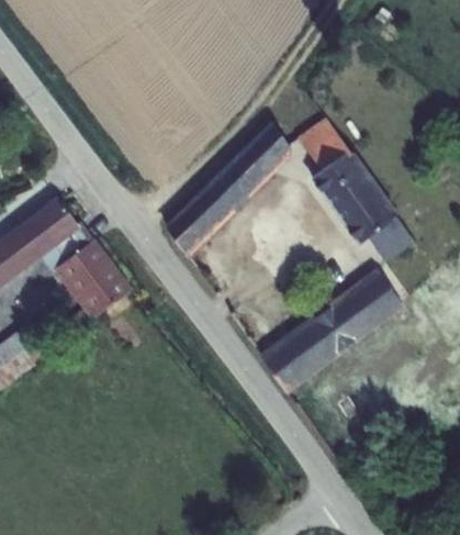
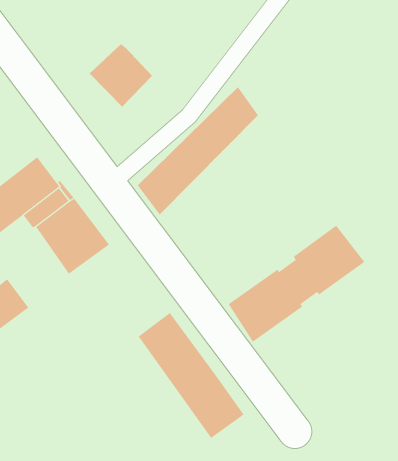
building: none -> [89,43,153,108]
building: [296,118,414,261] -> none
building: none -> [138,312,244,439]

